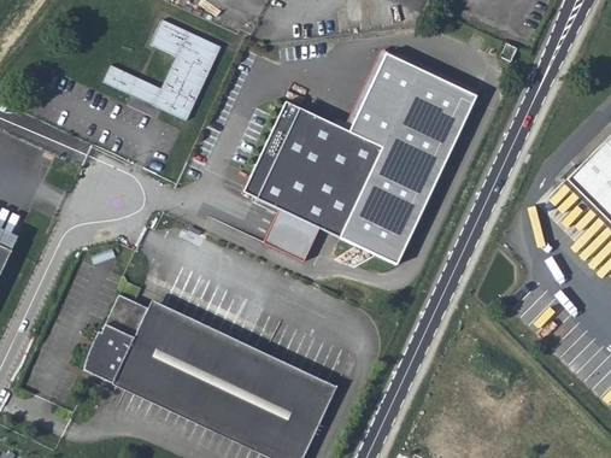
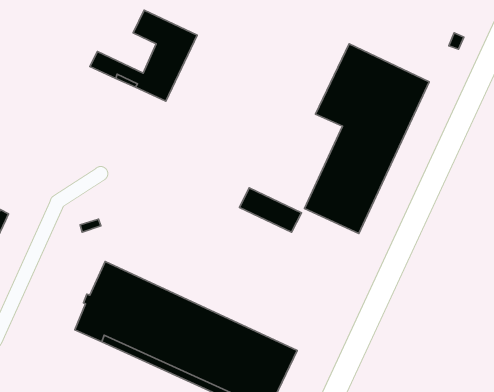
building: [245,100,382,236] -> none

